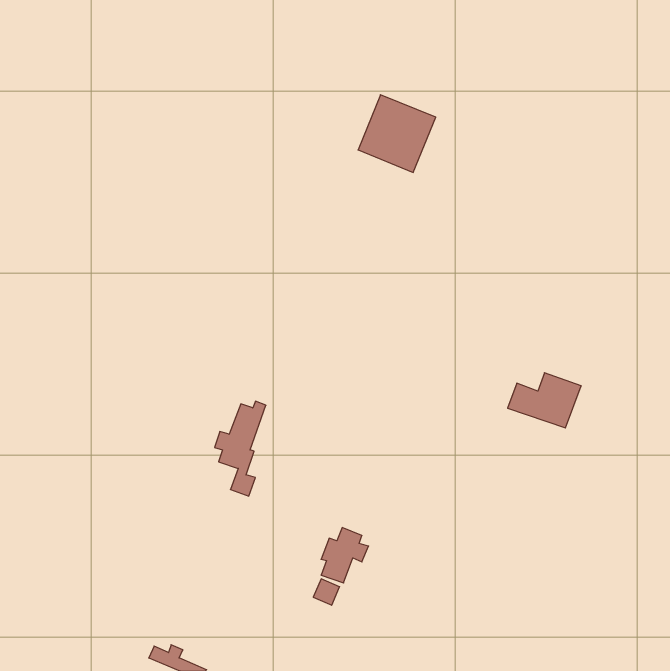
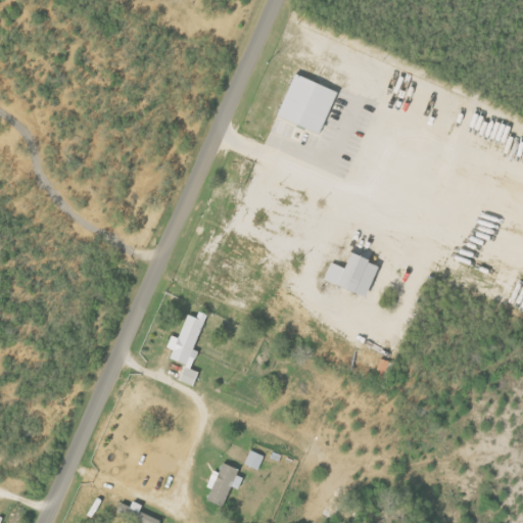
building: [508,373,581,428] -> [323,253,380,296]
building: [321,528,369,583] -> [206,463,243,506]

